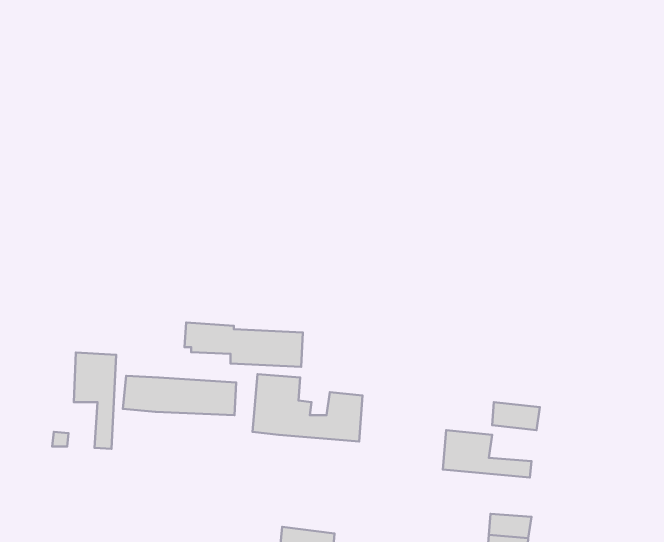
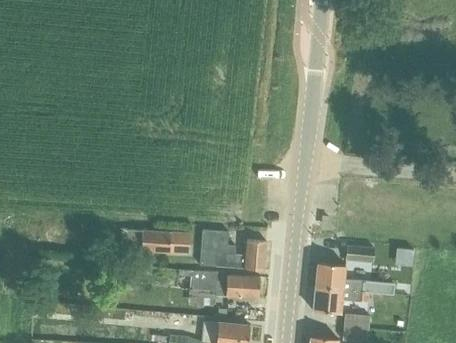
building: [185,323,303,367] -> [188,271,260,298]
building: [74,352,116,449] -> none
building: none -> [313,287,369,314]

